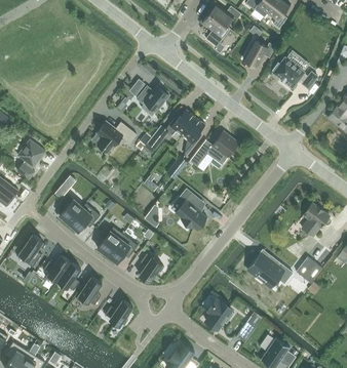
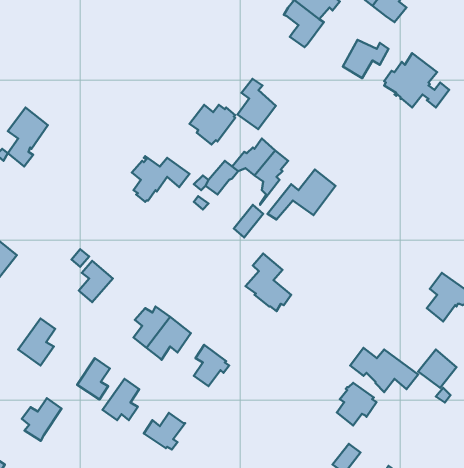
building: none -> [238,79,276,129]
building: [16,138,44,179] -> [8,108,48,167]
building: [68,202,100,231] -> none
building: [42,254,70,284] -> [22,398,62,441]
building: [205,299,233,329] -> [337,383,377,426]

